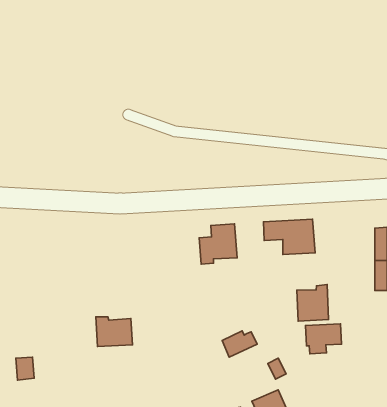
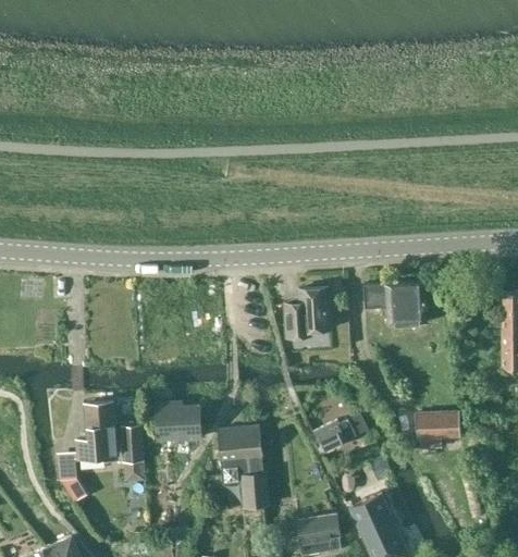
building: [297,285,329,321] -> none
building: none -> [79,403,115,457]
building: none -> [219,426,270,508]
building: none -> [122,428,143,463]

